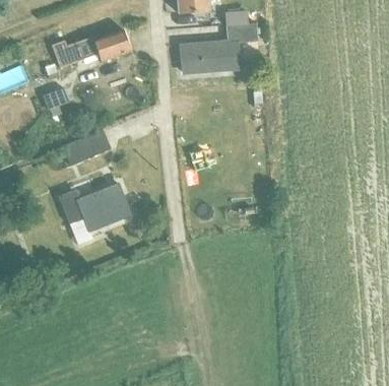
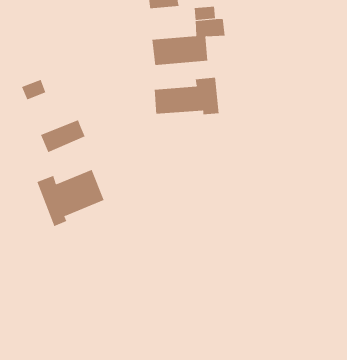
building: [52,28,131,66] -> none
building: none -> [154,77,219,115]

